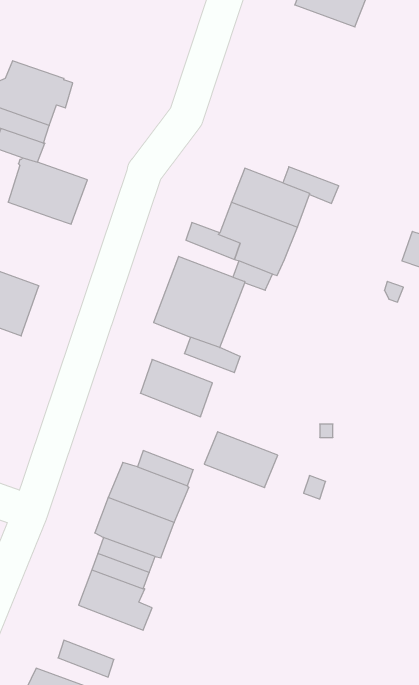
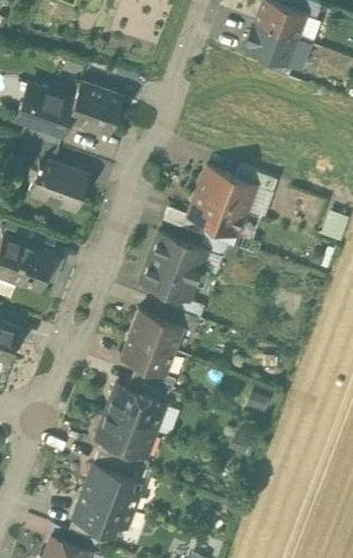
building: none -> [73,82,122,134]
building: [204,432,278,488] -> [120,334,175,376]
building: none -> [73,491,132,533]

